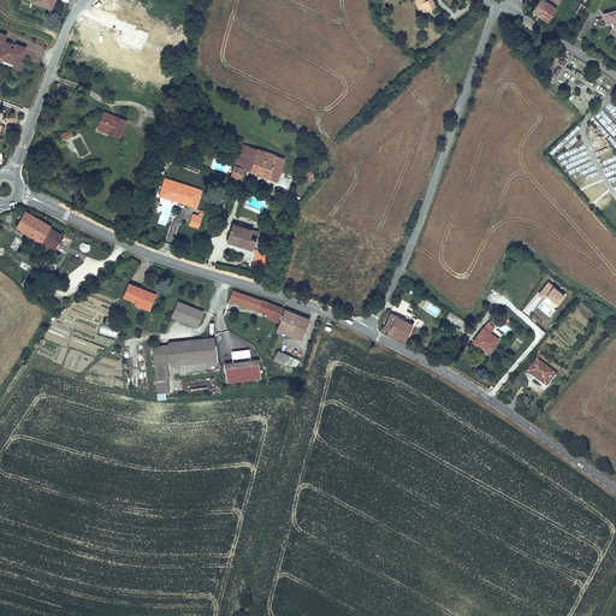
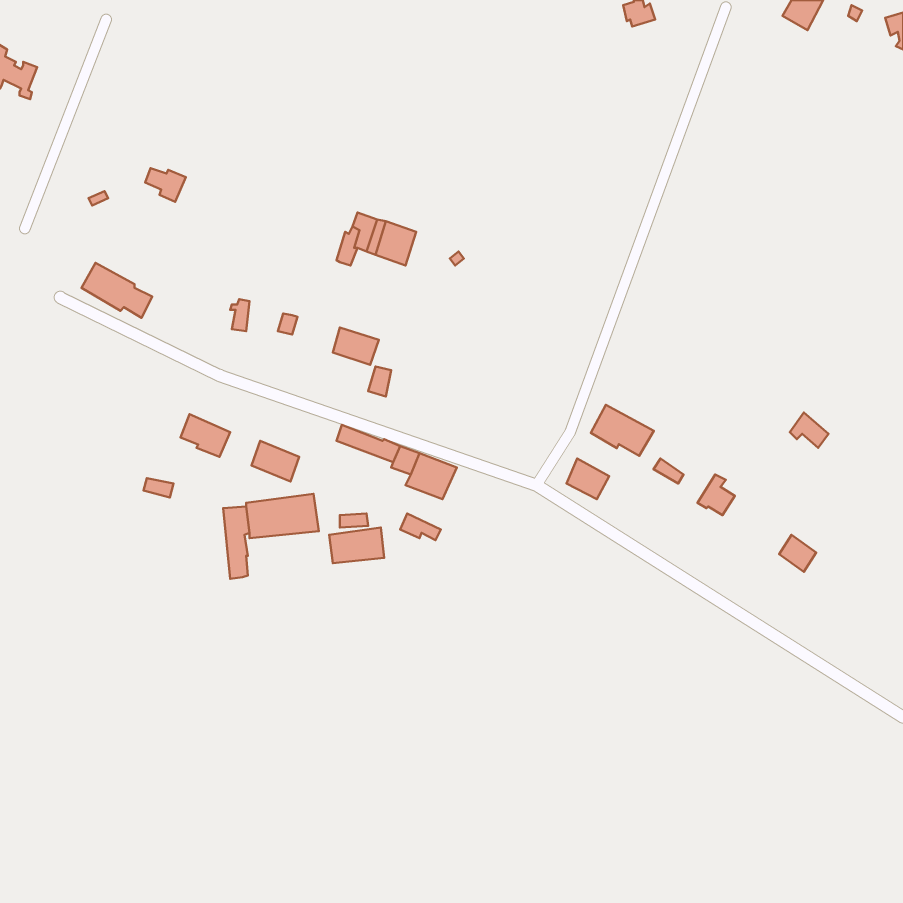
building: [159,179,202,208] -> none
building: [14,213,63,250] -> [81,263,152,318]
building: none -> [591,405,654,456]

